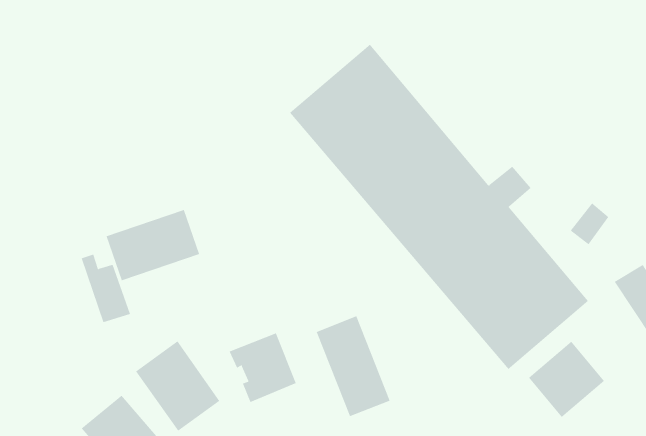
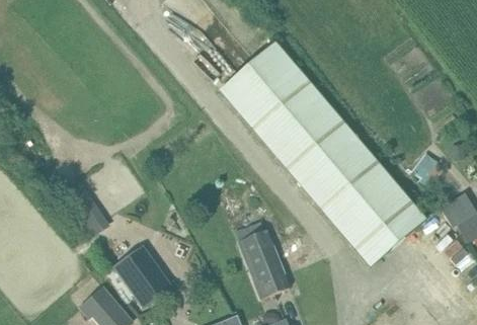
building: [106,209,200,281] -> none
building: [229,332,296,403] -> none
building: [528,341,605,418] -> none

